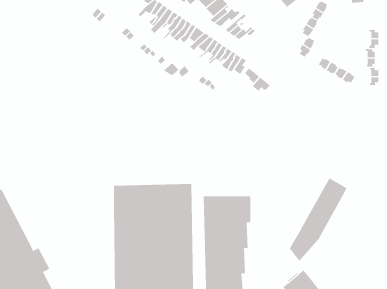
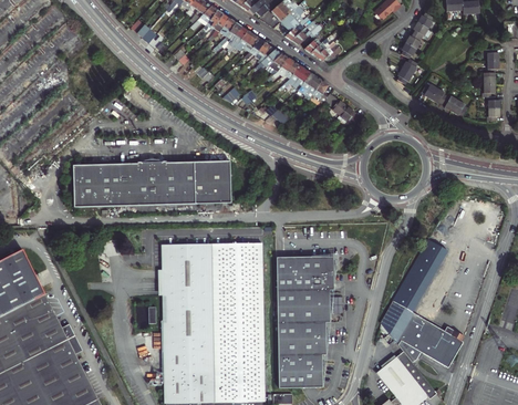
building: none -> [74,159,229,208]
building: none -> [396,311,463,360]

